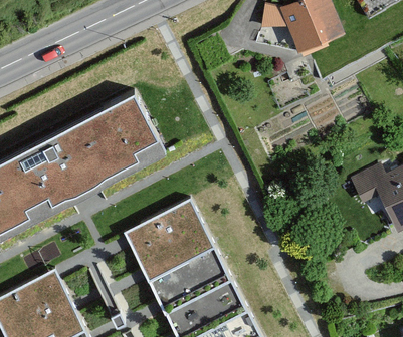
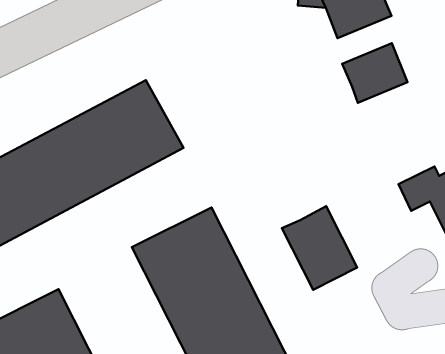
building: none -> [342,43,408,103]
building: none -> [282,206,357,290]

